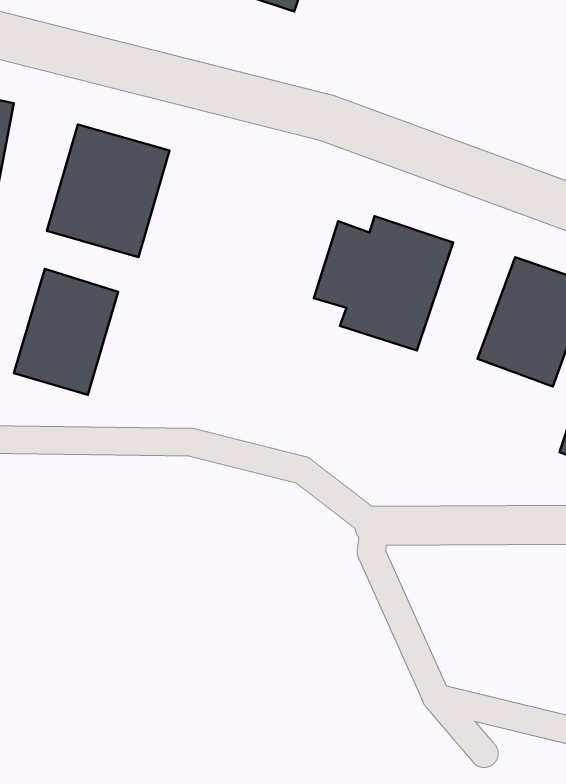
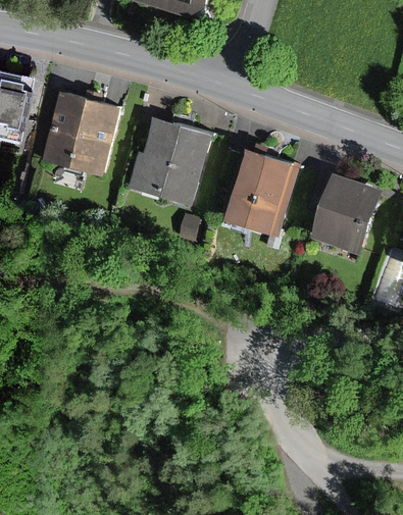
building: none -> [124,119,210,206]
building: [14,269,118,395] -> none

